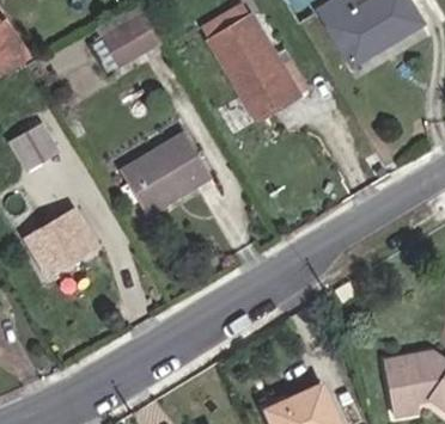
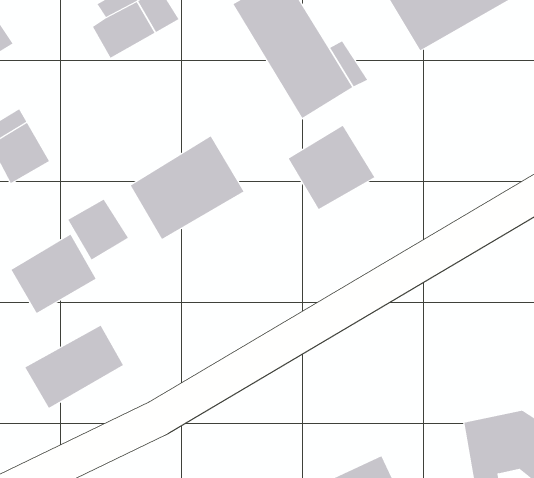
building: none -> [288,125,375,210]
building: none -> [67,199,129,260]
building: none -> [25,325,124,409]

